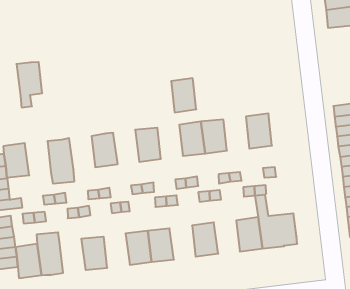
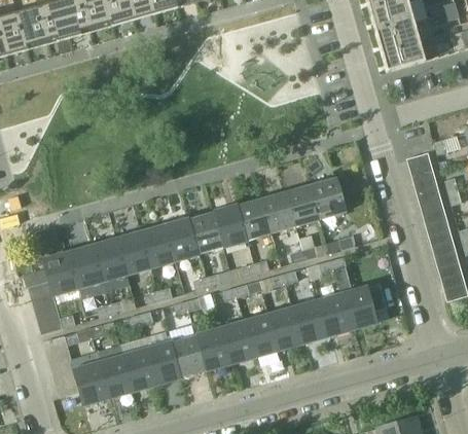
building: [16,62,42,107] -> [68,246,102,299]
building: [171,78,196,112] -> [213,205,246,246]
building: none -> [285,184,319,225]
building: none -> [165,218,199,259]
building: none -> [116,232,150,273]
building: none -> [292,301,326,341]
building: none -> [244,315,278,356]
building: none -> [172,335,206,376]
building: none -> [123,349,157,390]

